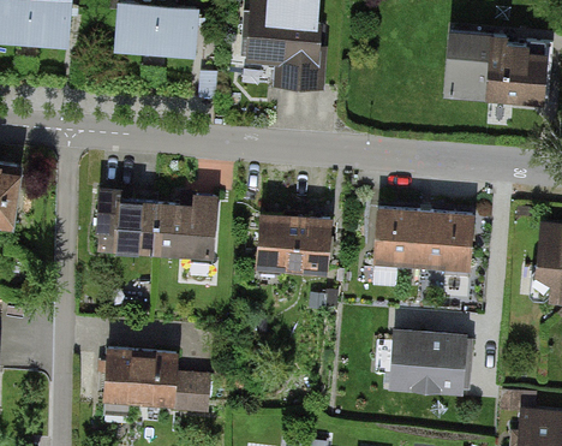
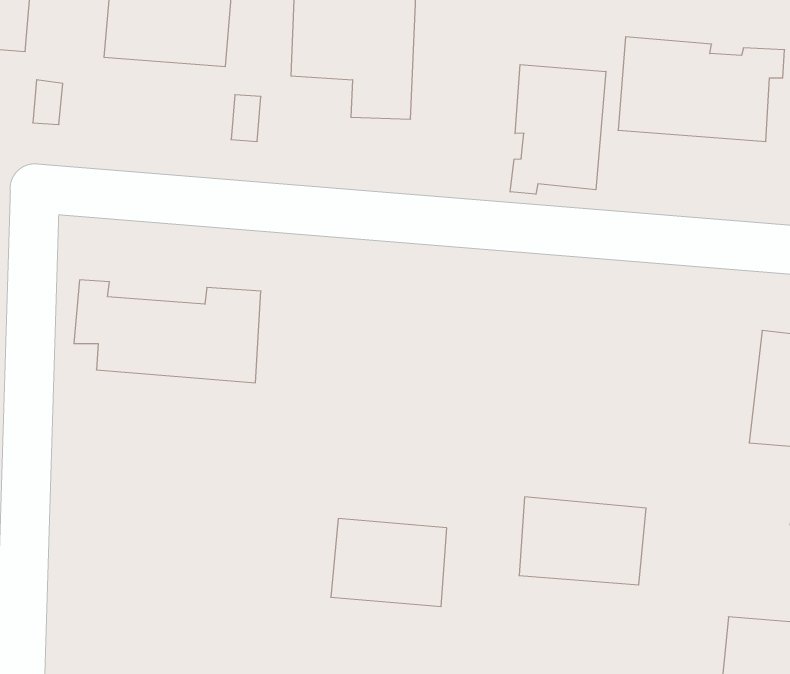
building: none -> [510,65,606,194]
building: [373,208,474,286] -> none
building: [257,214,331,270] -> [331,519,447,607]
building: [96,350,209,412] -> none

